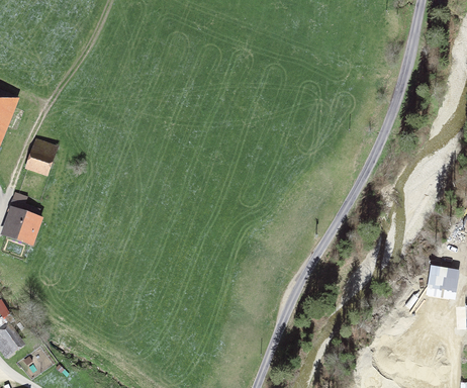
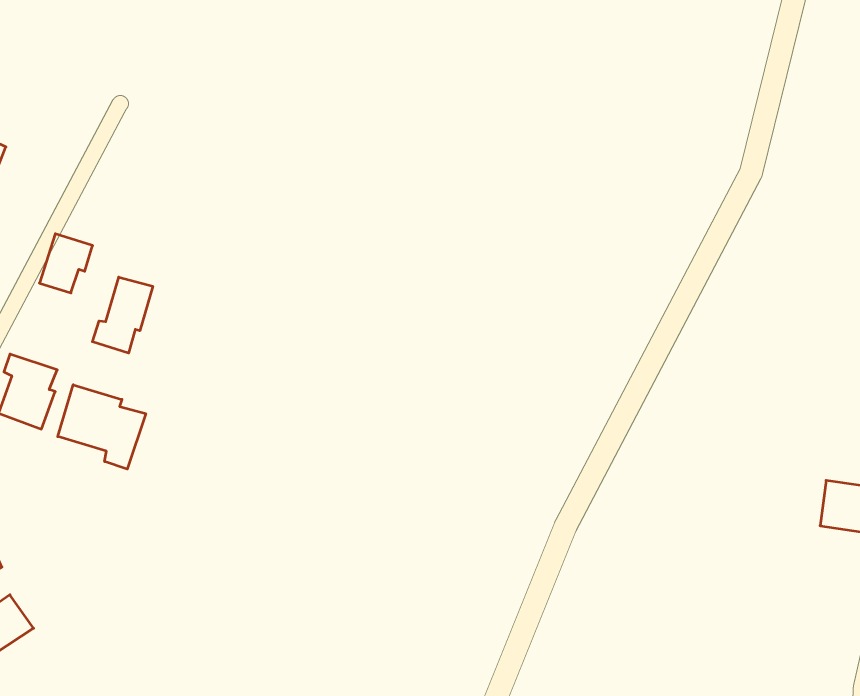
building: none -> [92,277,153,353]
building: none -> [58,385,146,469]

